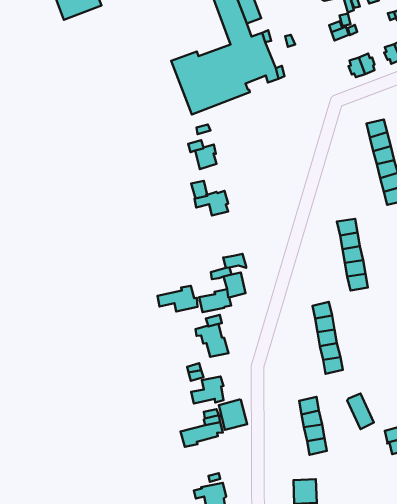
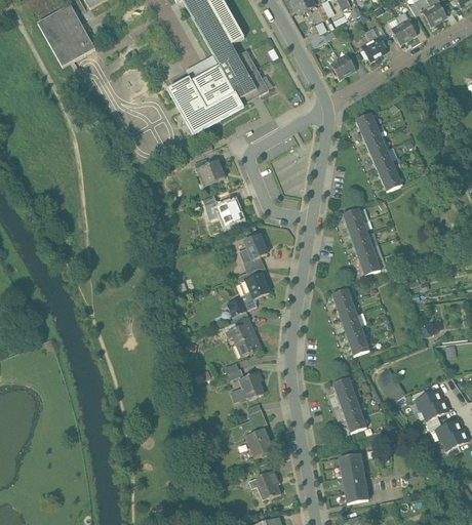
building: none -> [238,233,267,261]
building: [158,286,198,312] -> none
building: [219,400,247,430] -> [244,427,273,456]

